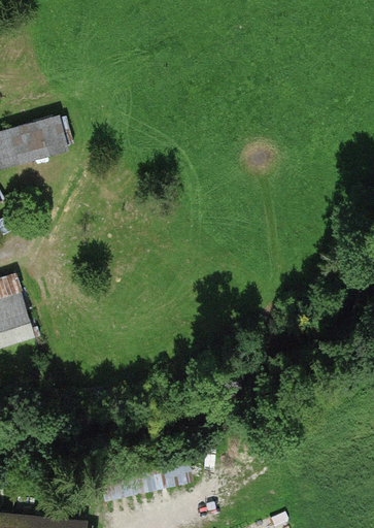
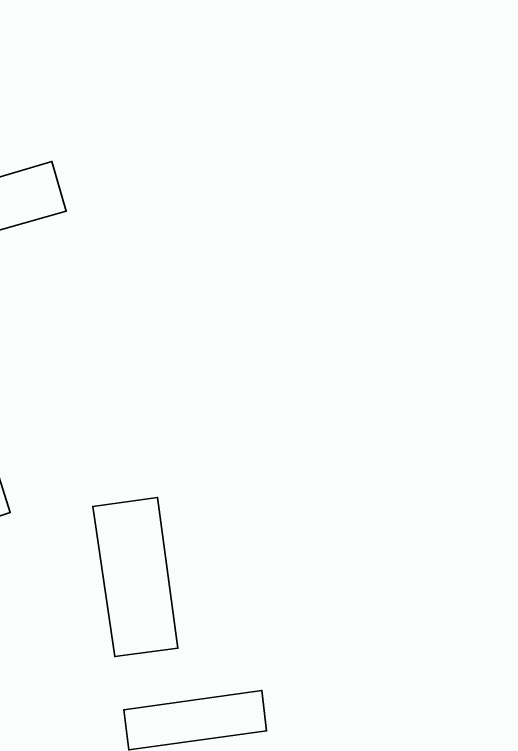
building: none -> [93,497,178,657]

